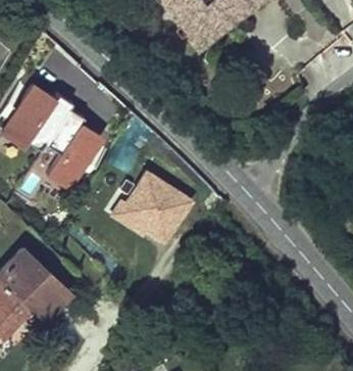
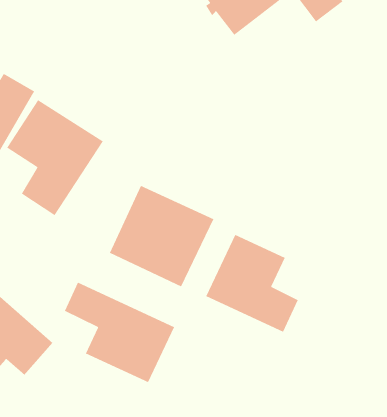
building: none -> [205,234,299,333]
building: none -> [64,281,175,383]

